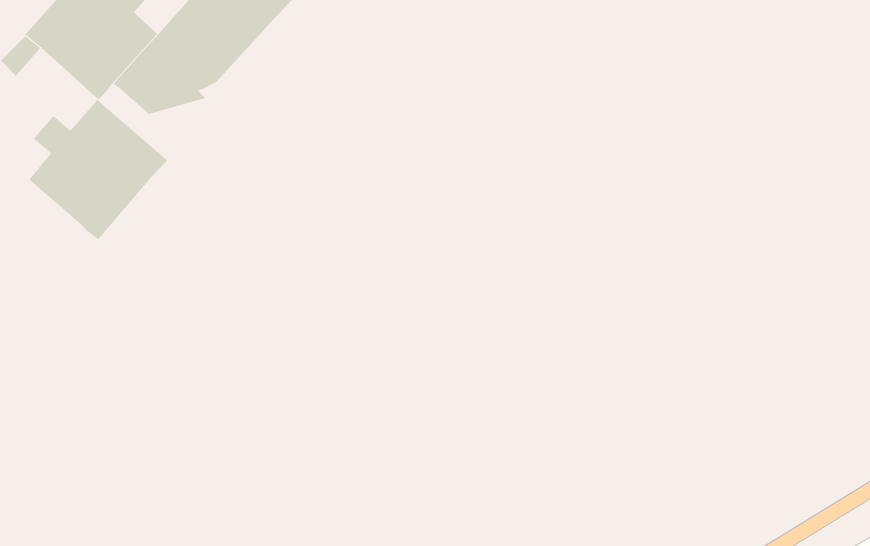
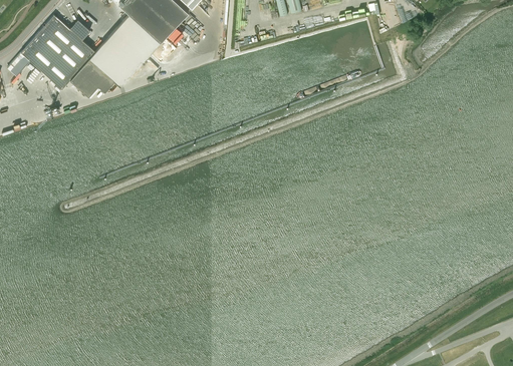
building: [28,99,167,240] -> none

